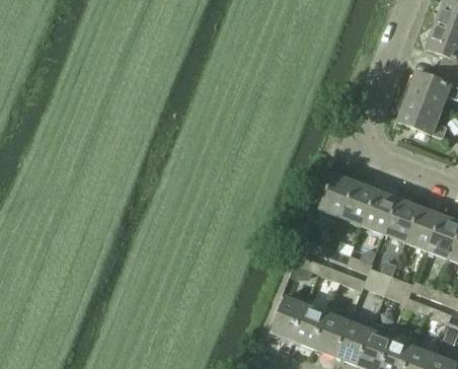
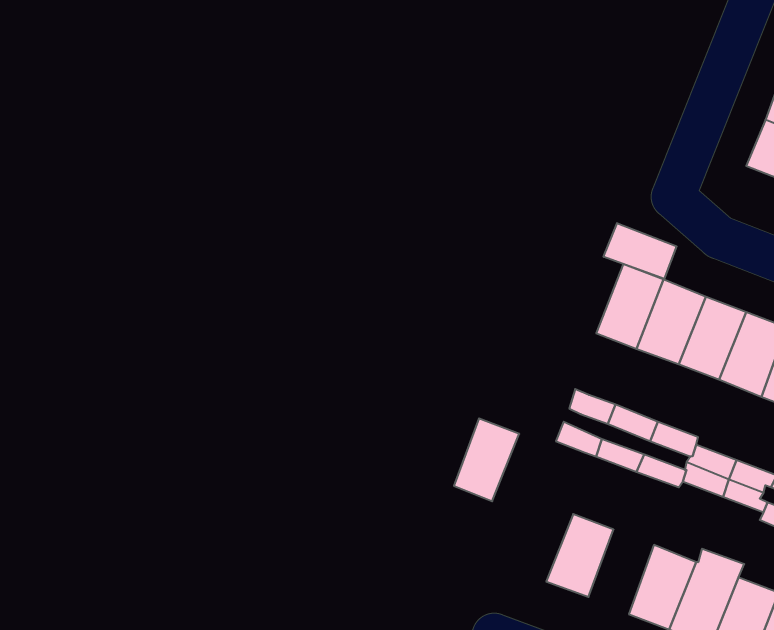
building: none -> [604,223,677,279]
building: [271,296,305,340] -> [454,418,519,501]
building: [313,312,348,357] -> none

